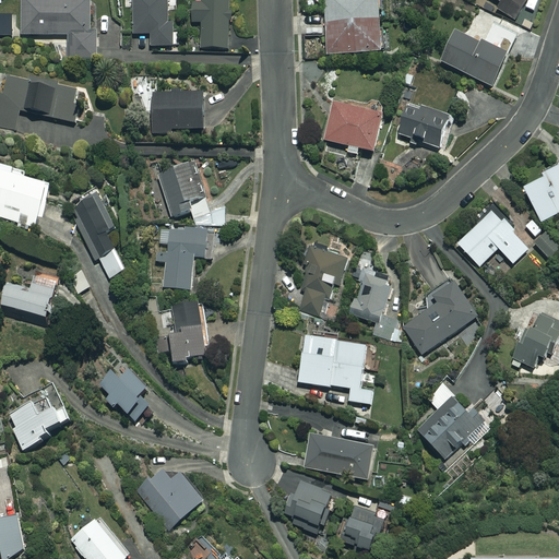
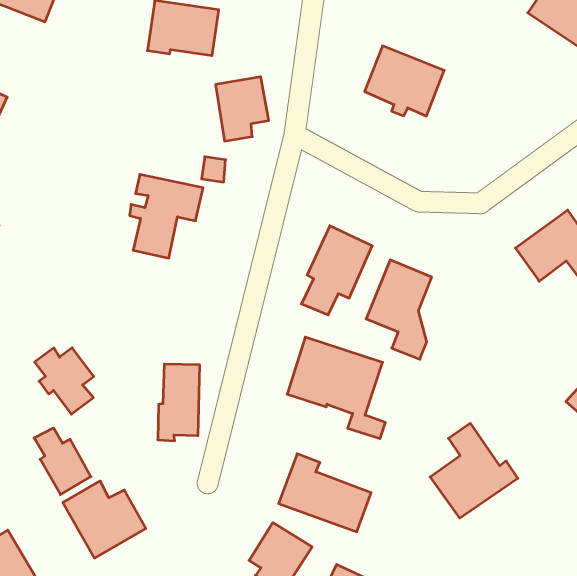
building: [397,106,448,146] -> none
building: [157,163,202,216] -> [216,77,269,141]
building: [71,194,127,277] -> none
building: [402,280,476,353] -> none
building: [170,299,204,361] -> [158,364,200,441]
building: none -> [34,428,91,495]

